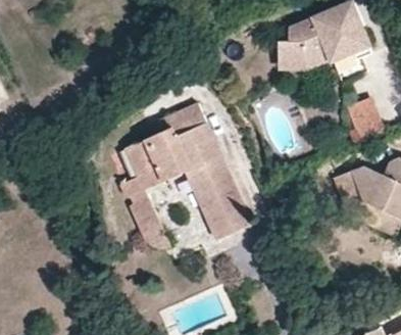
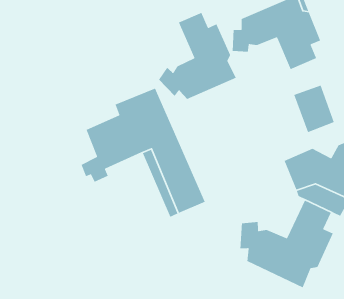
building: none -> [158,12,237,100]
building: [130,194,169,245] -> none
building: none -> [240,200,334,288]

